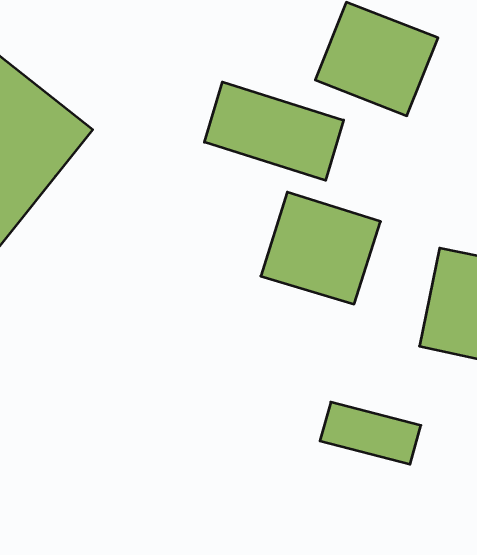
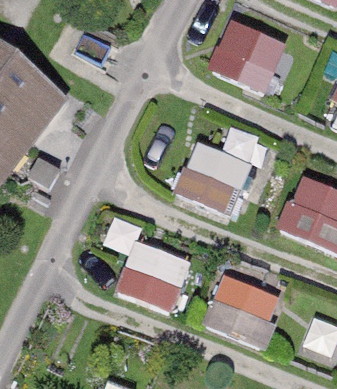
building: [204,82,344,180] -> none
building: none -> [116,243,190,310]

